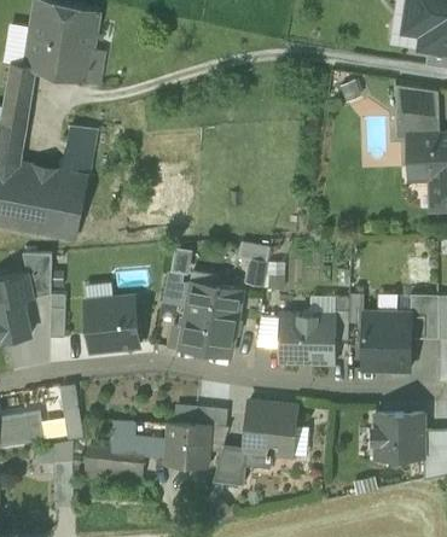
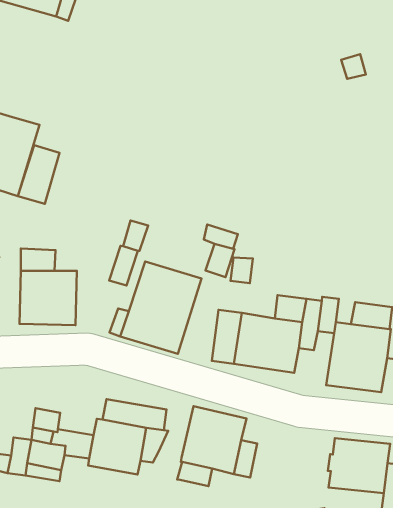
building: [62,127,93,176] -> [18,145,60,204]
building: [213,445,246,486] -> none

